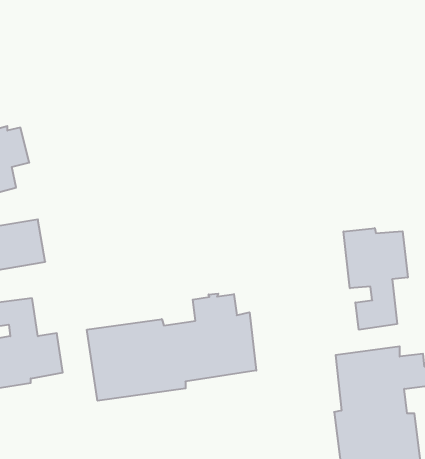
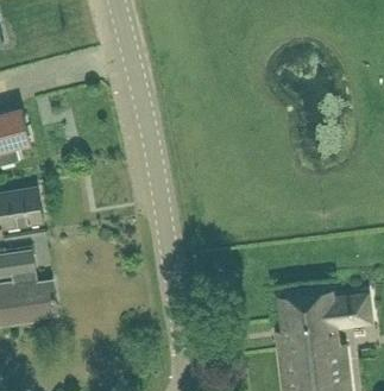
building: [344,228,408,330] -> none
building: [87,294,256,401] -> none

